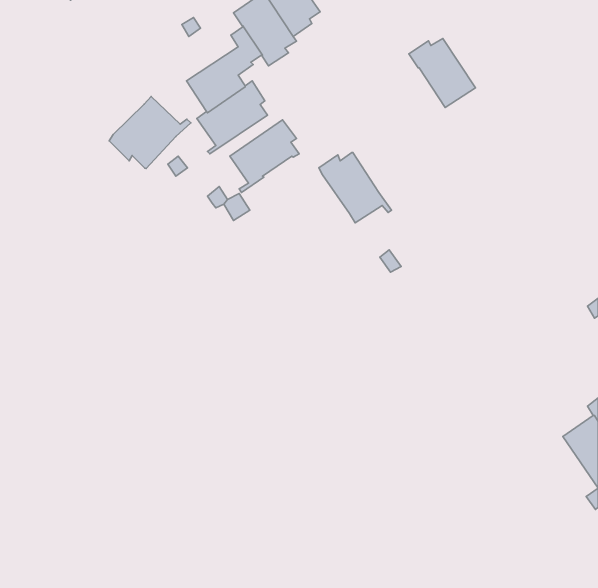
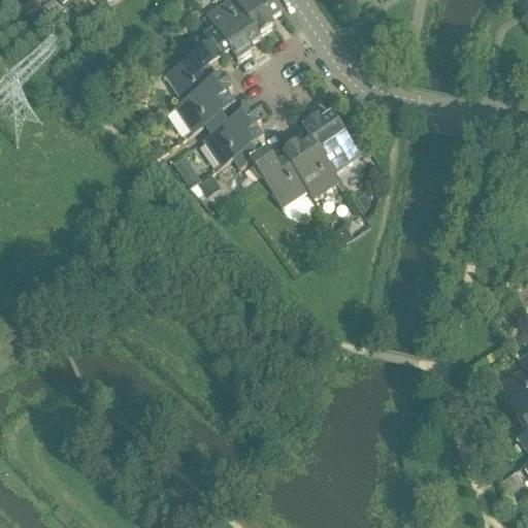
building: [409,38,476,108] -> [301,108,360,169]
building: [109,96,191,169] -> none
building: none -> [231,137,307,205]

